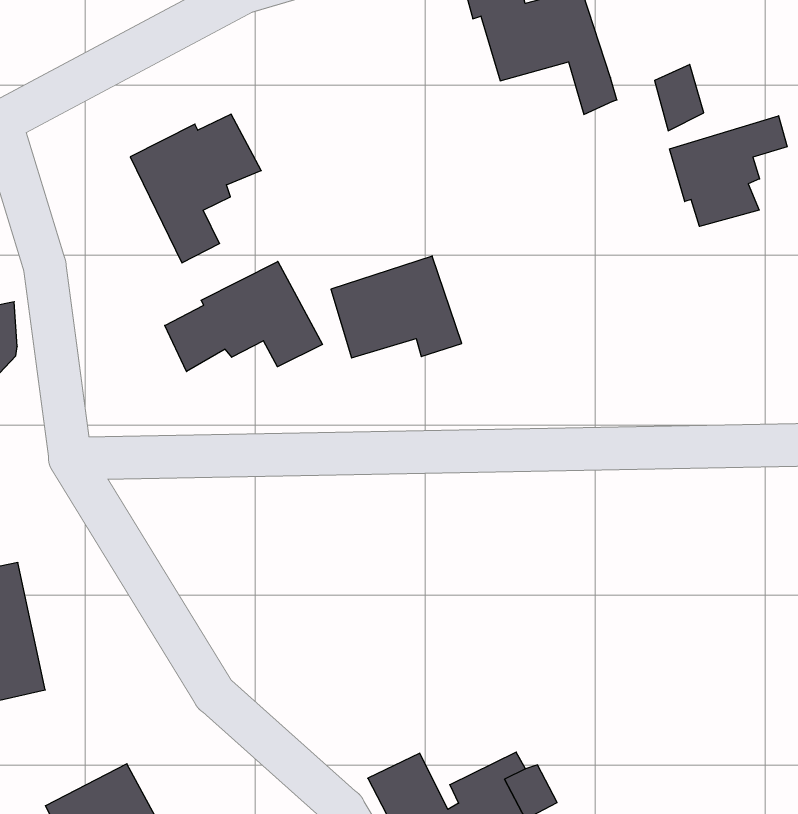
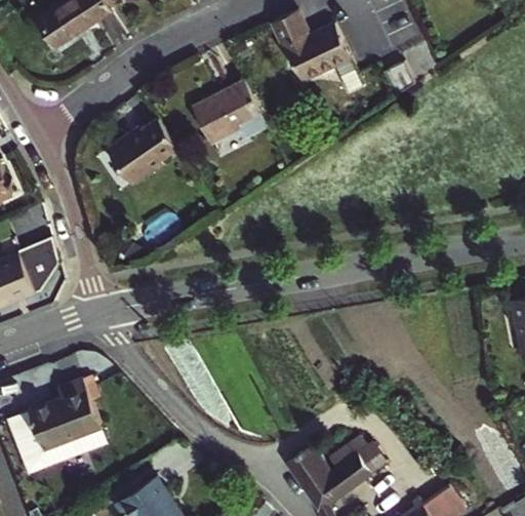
building: [669,116,787,226] -> none
building: [331,256,462,358] -> [194,82,268,143]
building: [165,261,322,372] -> none

